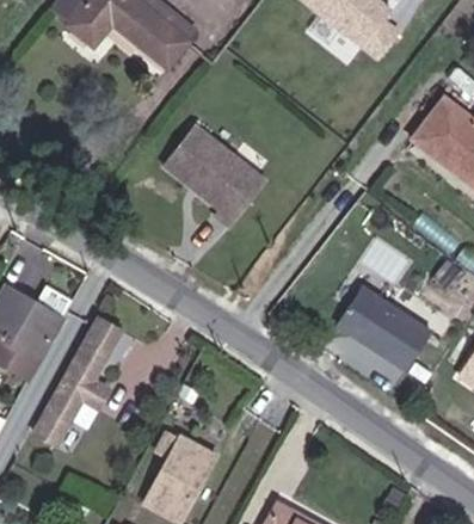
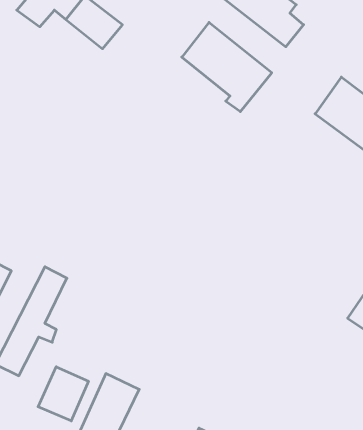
building: [161,123,264,224] -> [182,22,272,112]
building: [341,285,436,366] -> none
building: none -> [38,367,88,421]

